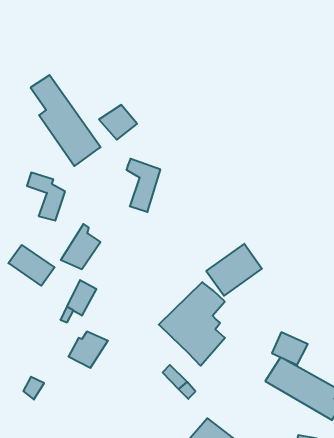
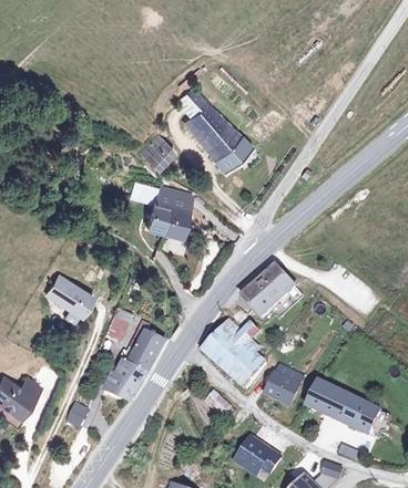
building: [31,75,101,166] -> [178,85,251,173]
building: [27,173,65,221] -> [133,188,171,233]
building: [61,224,100,269] -> [129,322,166,366]
building: [272,332,308,365] -> [262,367,296,398]

